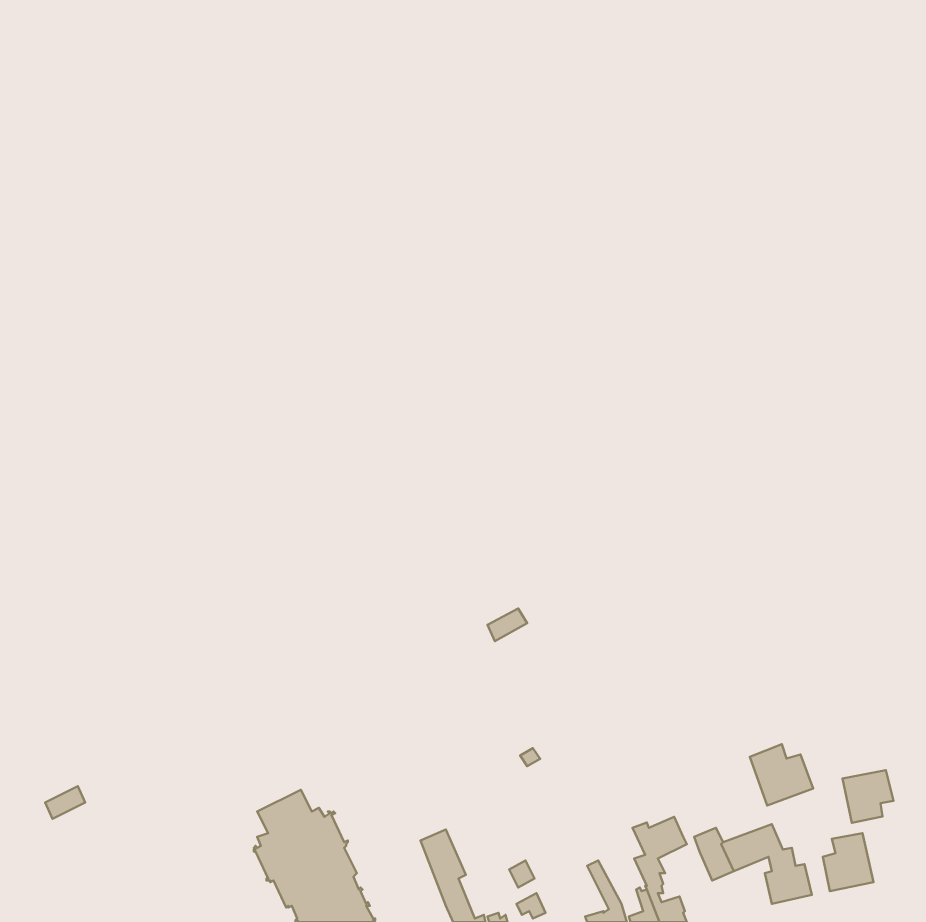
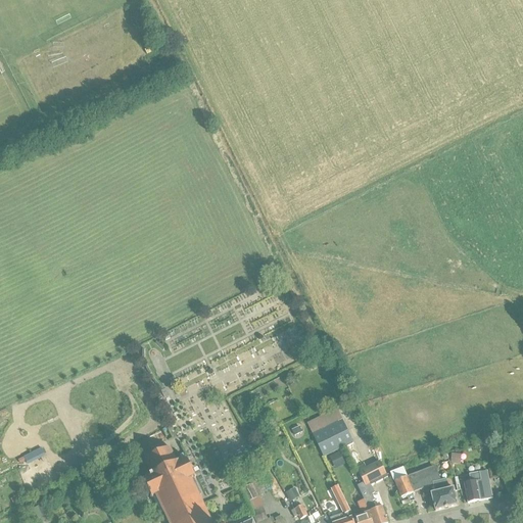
building: none -> [307,408,353,456]
building: [750,744,813,805] -> none
building: [843,770,893,823] -> none

